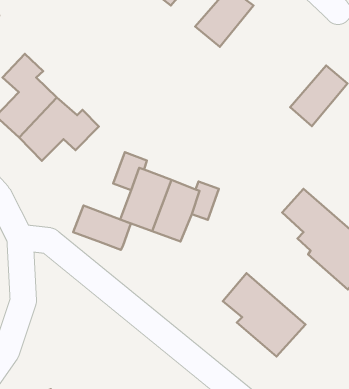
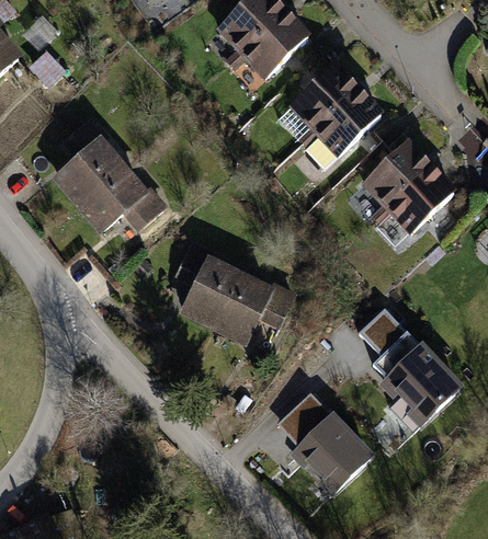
building: none -> [313,89,381,157]
building: none -> [361,140,431,209]
building: [73,206,131,250] -> none

